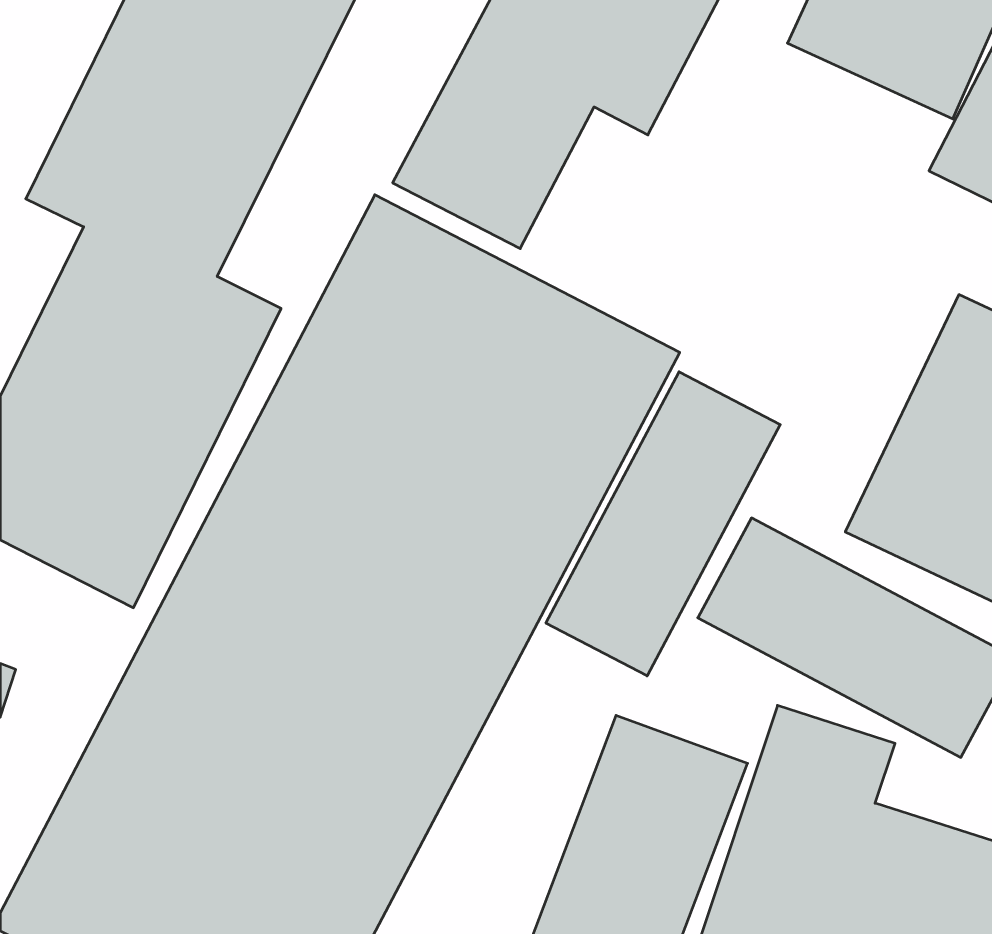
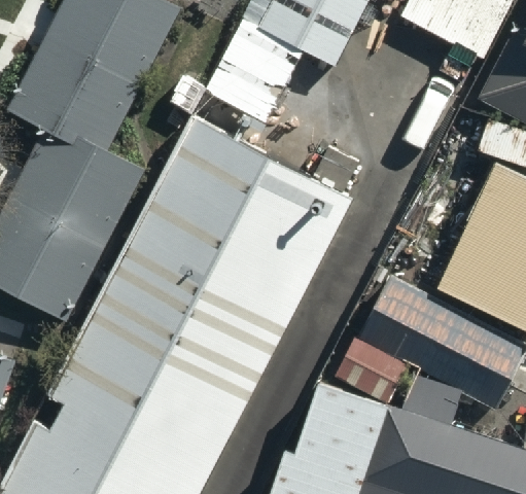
building: [546,372,780,676] -> none

